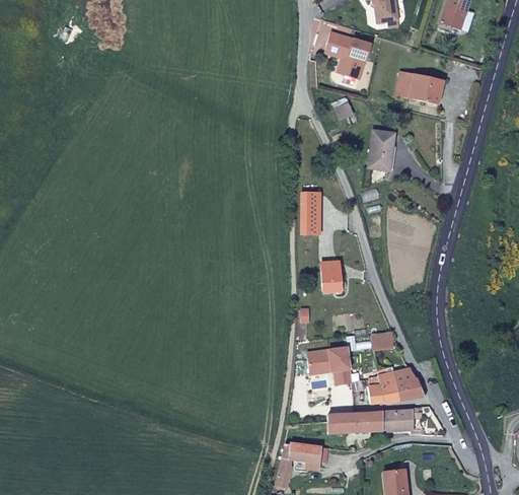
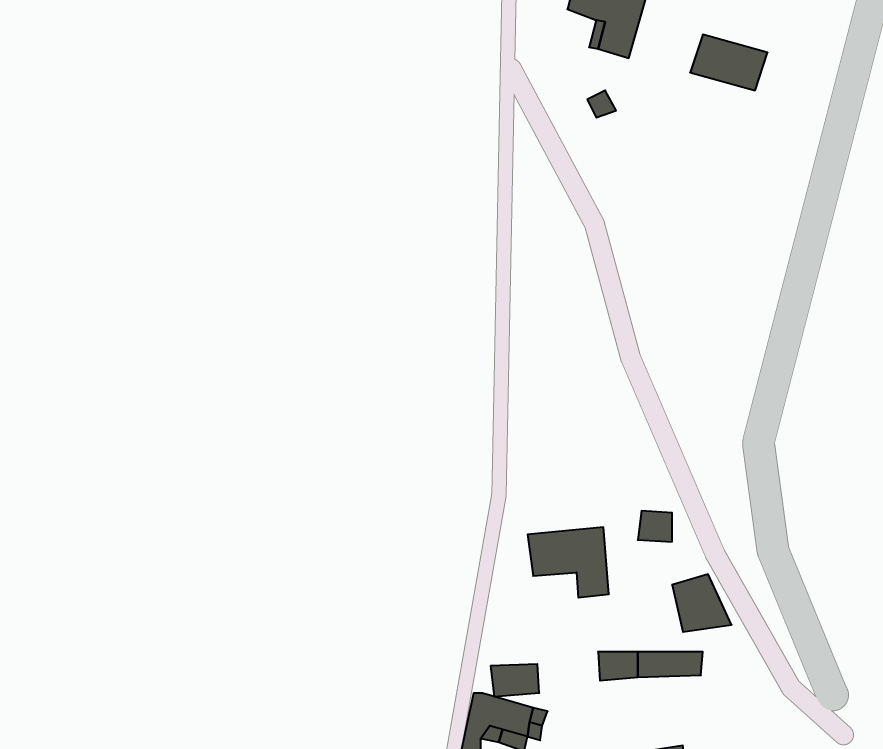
building: [372,128,401,169] -> none
building: [302,191,323,234] -> none
building: [324,261,345,289] -> none
building: [369,377,393,409] -> none
building: [319,415,347,433] -> [491,664,539,697]

